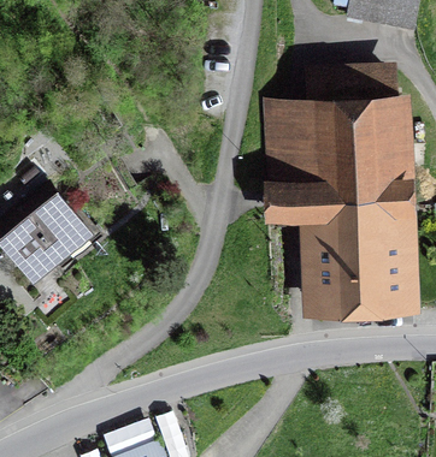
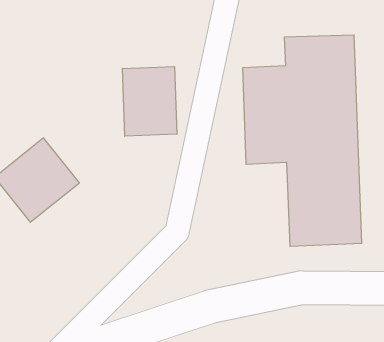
building: none -> [122,67,177,136]

